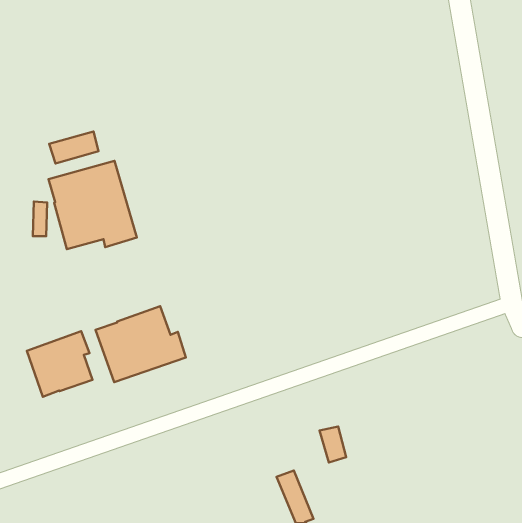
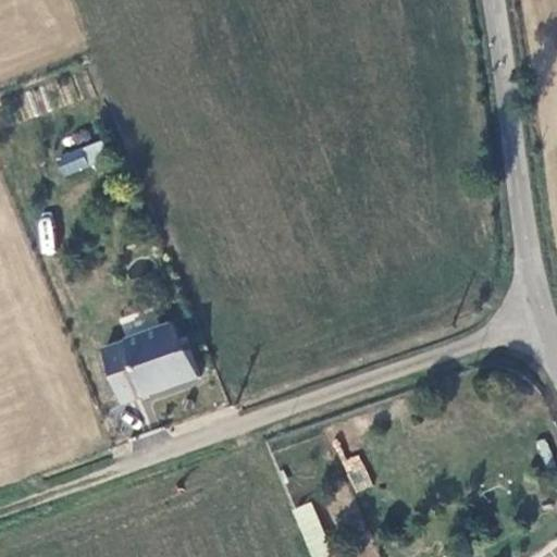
building: [48,161,137,249] -> none
building: [27,331,93,397] -> none

